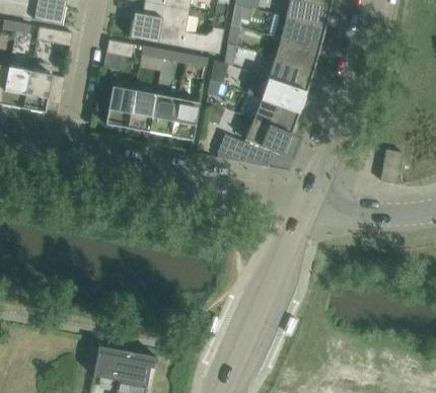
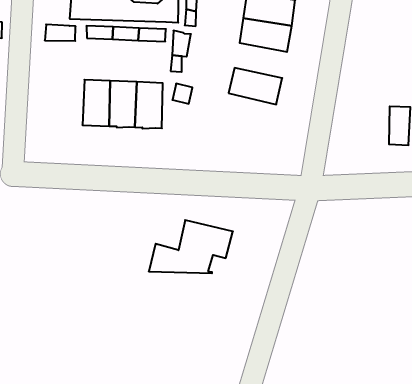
building: [262,78,307,112] -> none
building: [96,83,135,128] -> none
building: [217,119,292,166] -> [149,220,233,273]

